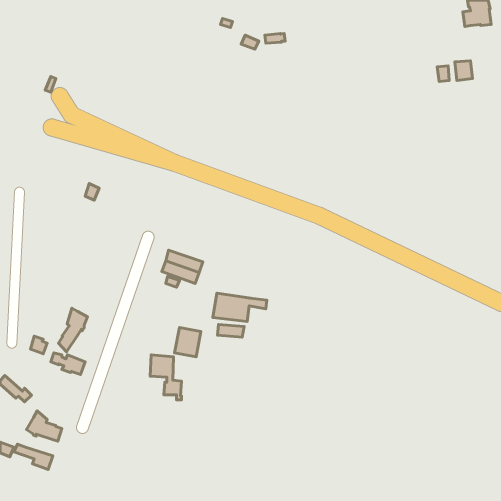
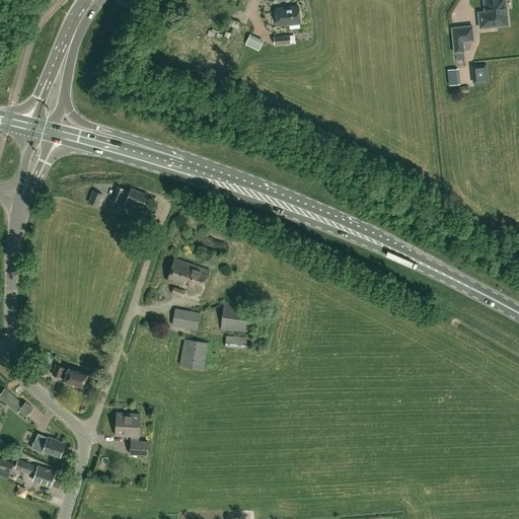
building: none -> [276,6,300,25]
building: none -> [452,26,473,53]
building: none -> [112,187,147,210]
building: none -> [172,309,200,329]
building: [58,308,88,352] -> none
building: [150,355,182,400] -> [116,413,148,459]

